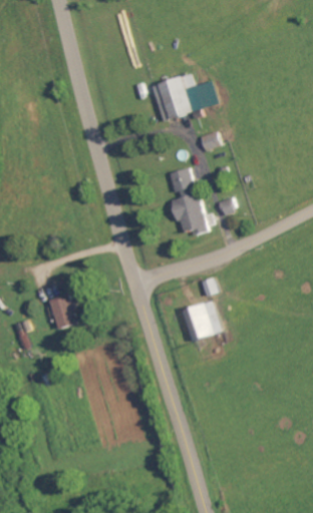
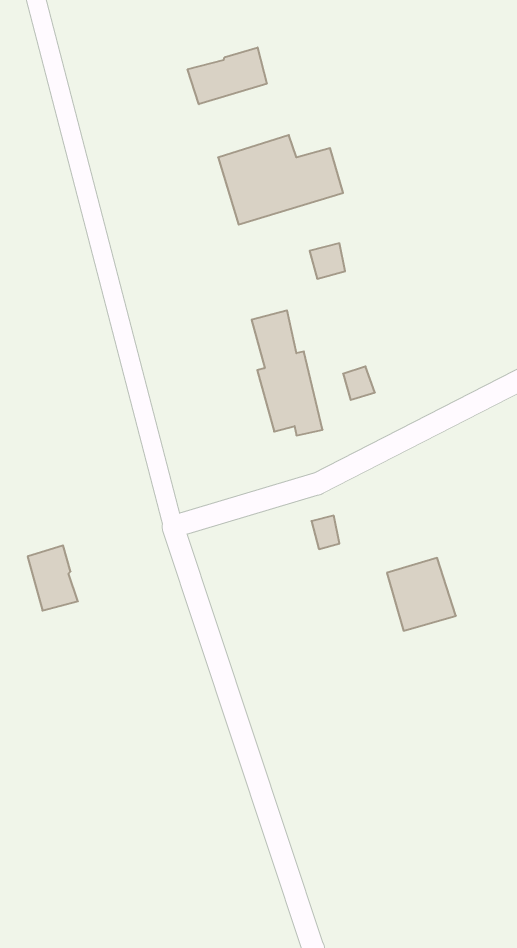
building: none -> [188,47,267,104]
building: [183,302,220,341] -> [387,558,456,631]

